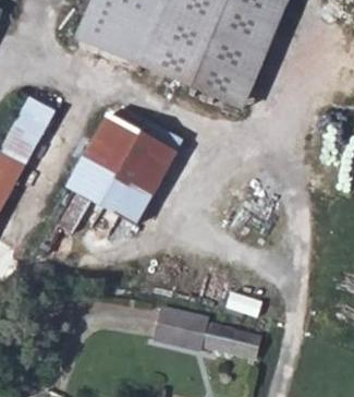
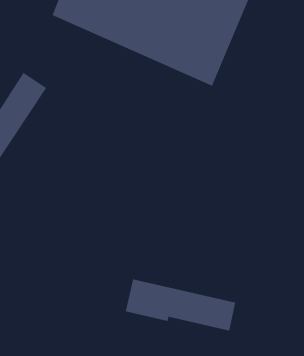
building: [66,113,176,225] -> none

